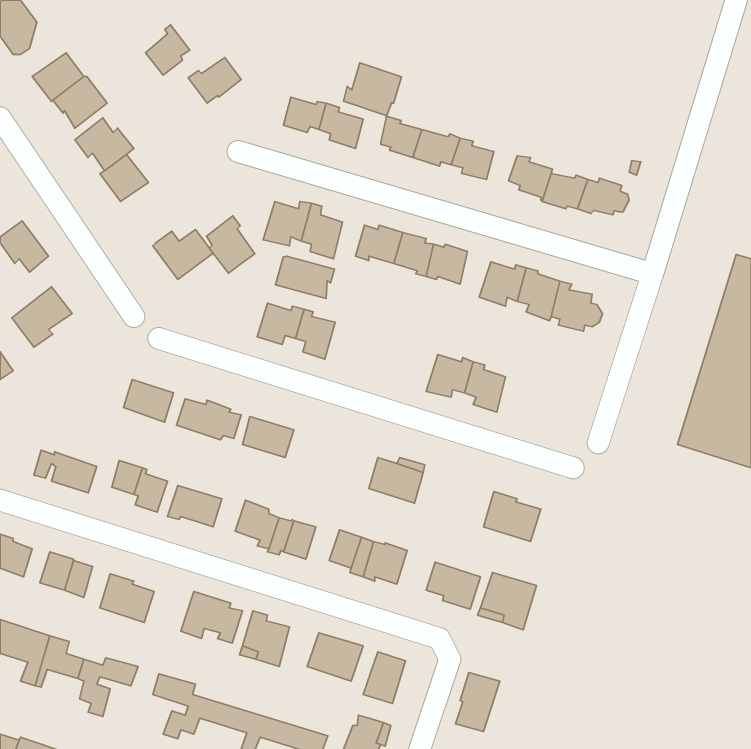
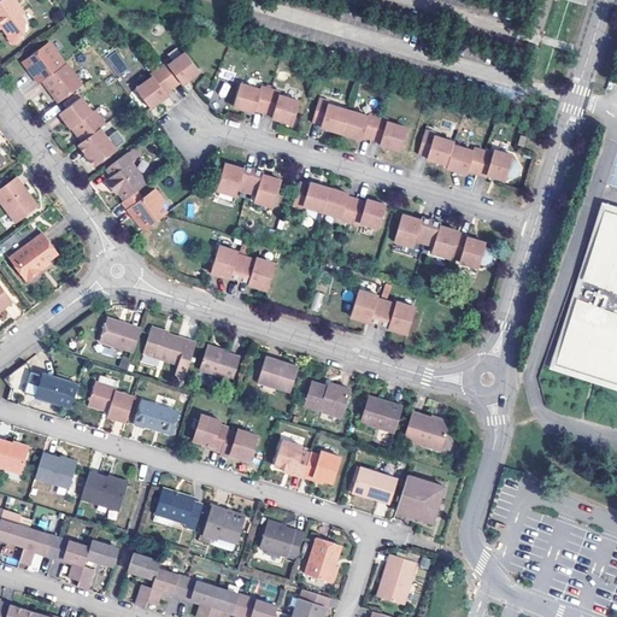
building: [146,25,190,75] -> [134,66,170,107]
building: [343,63,402,116] -> none
building: [206,216,255,273] -> [110,154,149,201]
building: [276,256,334,298] -> none
building: none -> [258,353,296,388]
building: none -> [359,392,395,427]

